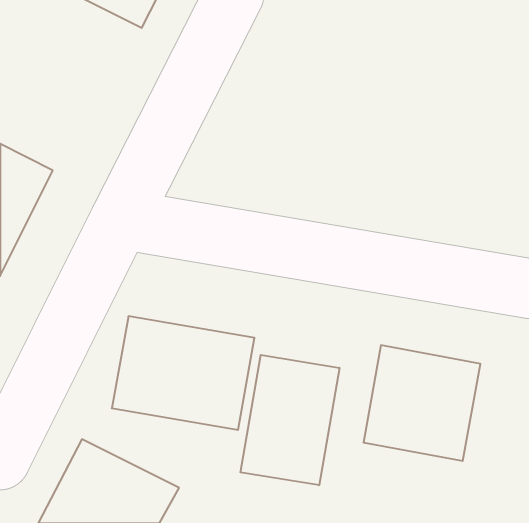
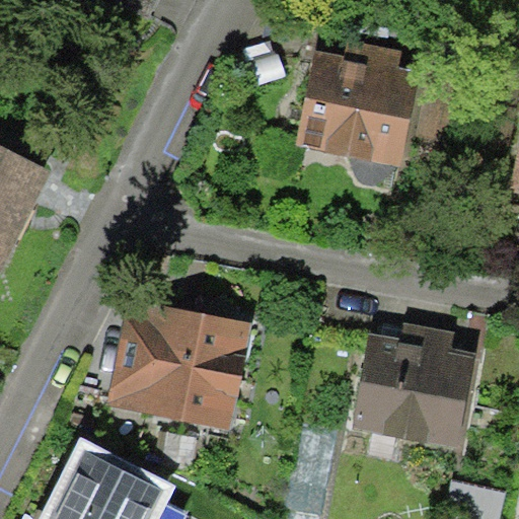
building: none -> [303,47,413,166]
building: [240,355,339,485] -> none

